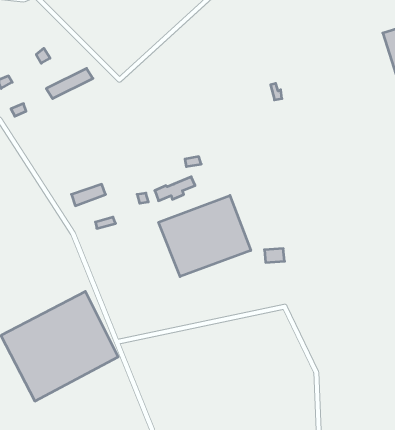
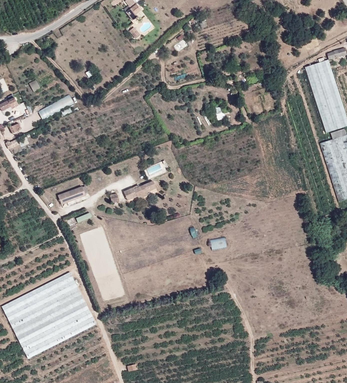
building: [159,195,251,277] -> none

